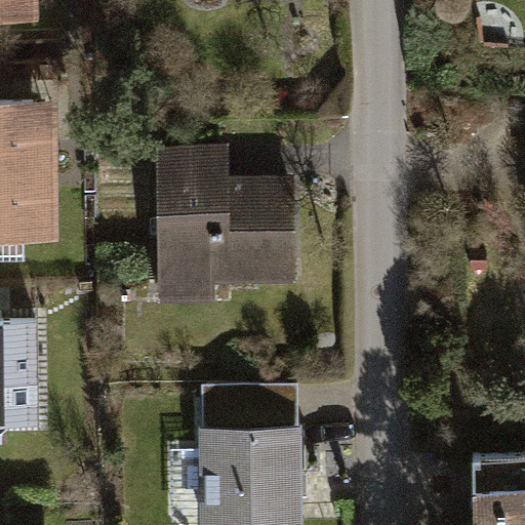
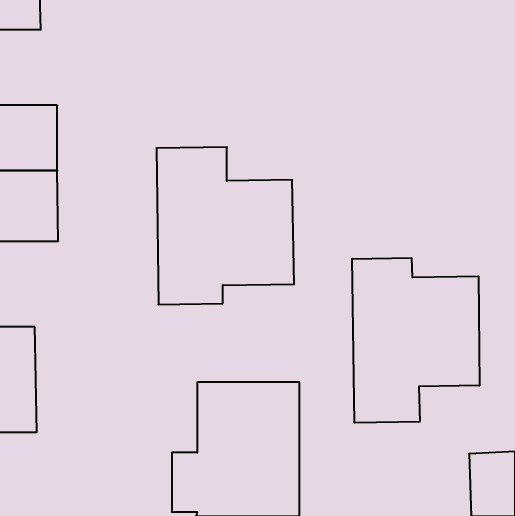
building: none -> [352,258,479,423]

